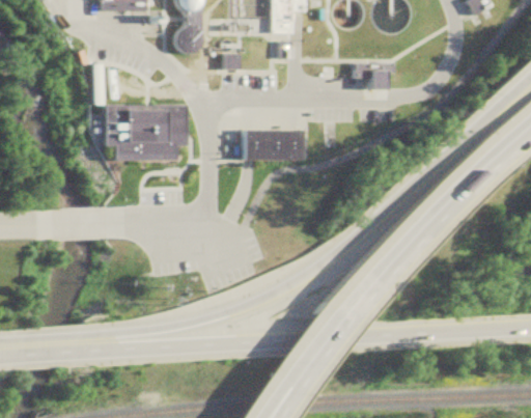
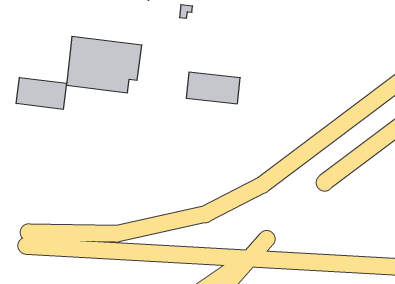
building: none -> [16,77,66,109]

